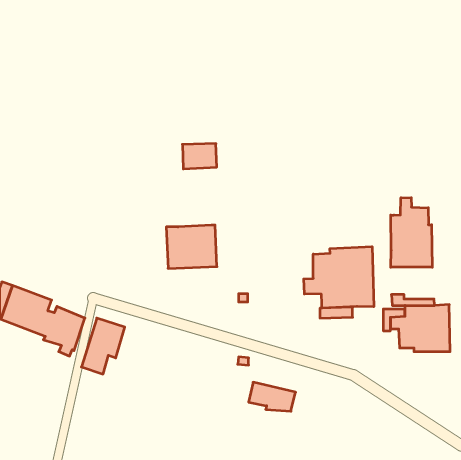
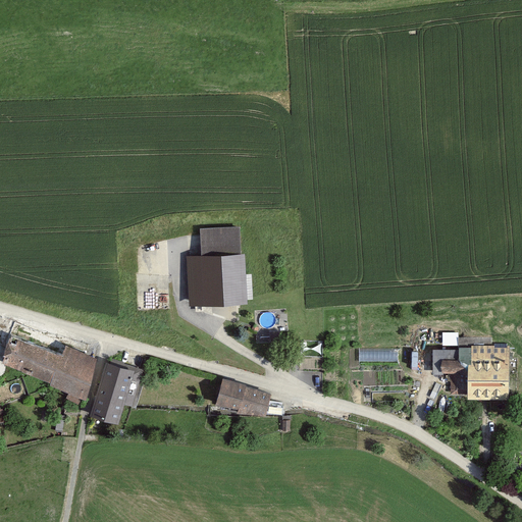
building: [182,144,217,169] -> [200,229,239,258]
building: [391,198,432,267] -> none
building: [304,247,374,308] -> none
building: [249,382,296,411] -> [216,382,269,415]

